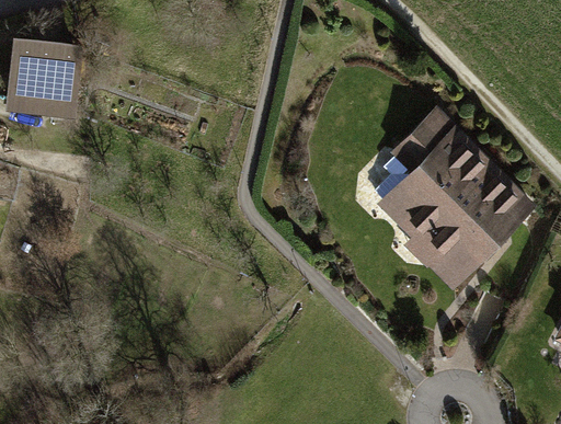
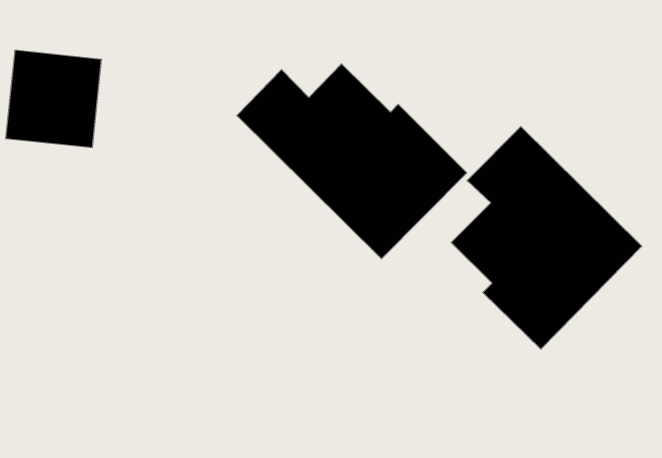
building: none -> [237,64,467,259]

